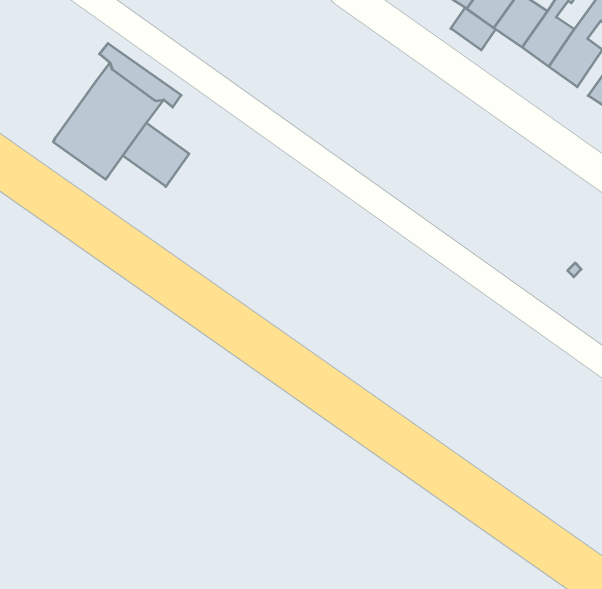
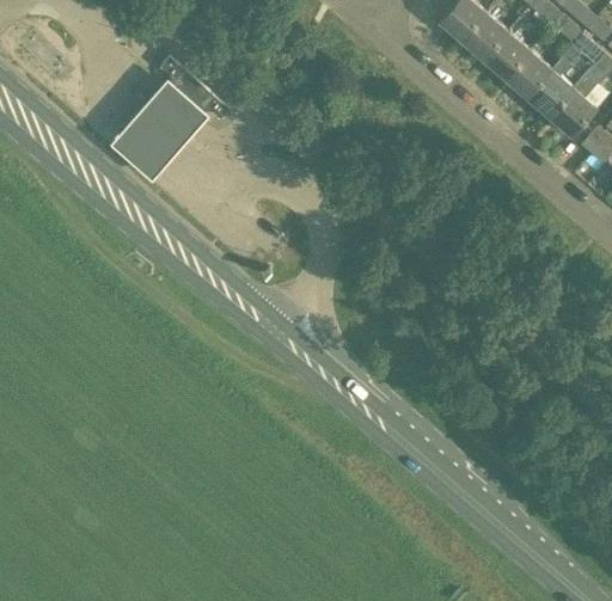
building: [451,8,496,50] -> none
building: [123,123,189,187] -> none

